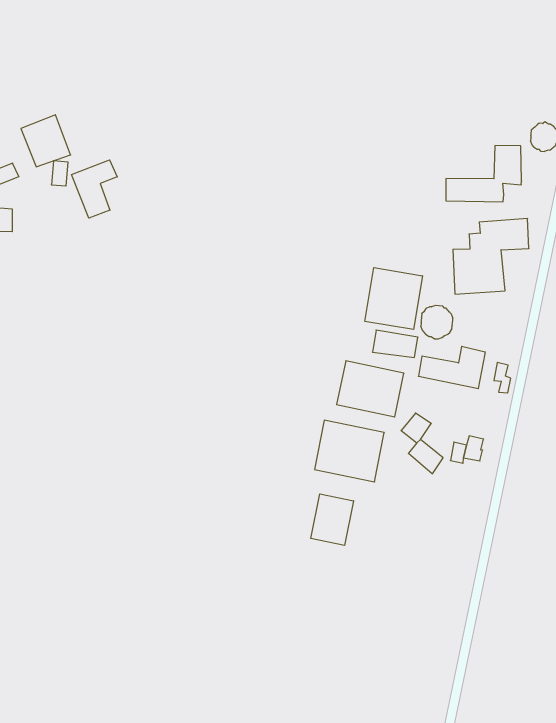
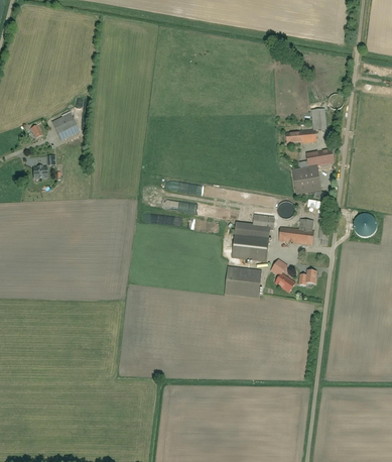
building: [71,160,117,218] -> none
building: [365,268,422,329] -> none
building: [311,494,354,545] -> none

